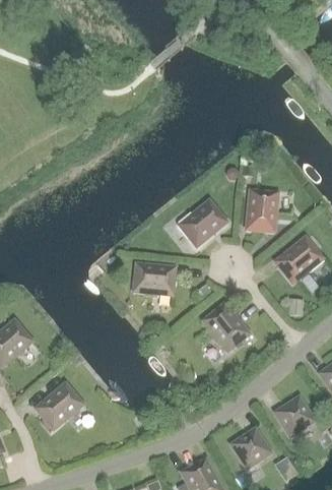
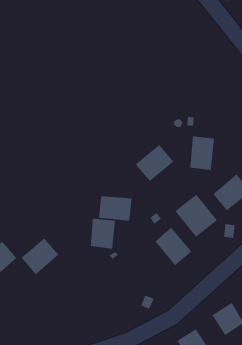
building: none -> [175,194,218,238]
building: none -> [90,218,116,249]
building: [35,382,82,429] -> [21,237,59,275]

